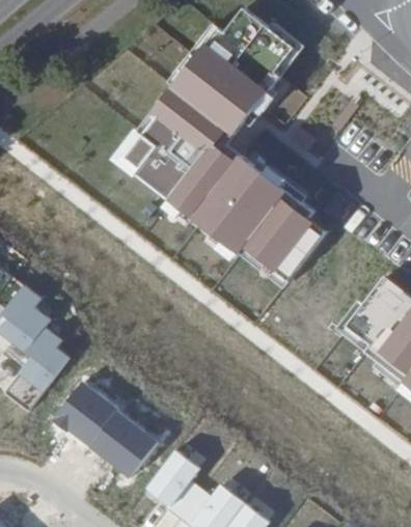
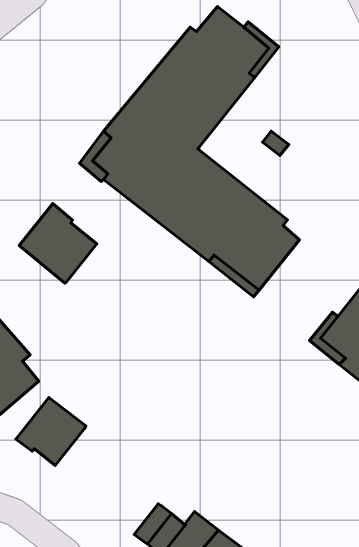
building: none -> [19,204,97,283]
building: [90,409,159,476] -> none
building: [146,450,200,505] -> none

